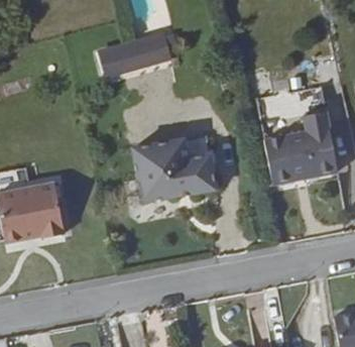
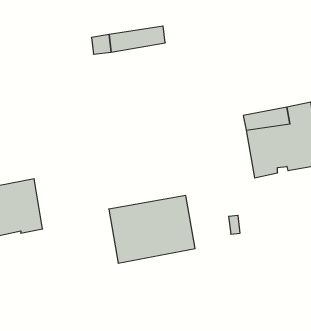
building: [136,135,220,201] -> [109,196,195,263]

